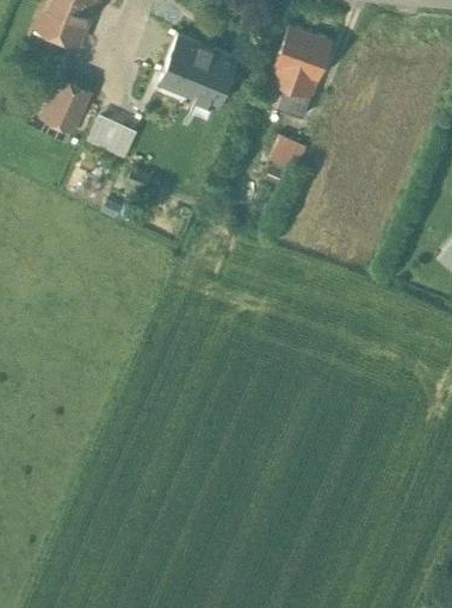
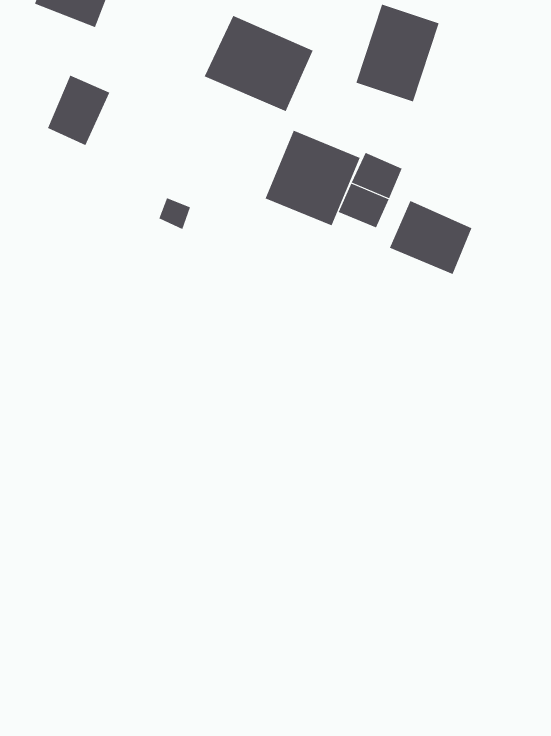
building: [83,113,135,159] -> none
building: none -> [265,130,361,226]
building: none -> [389,200,472,275]

